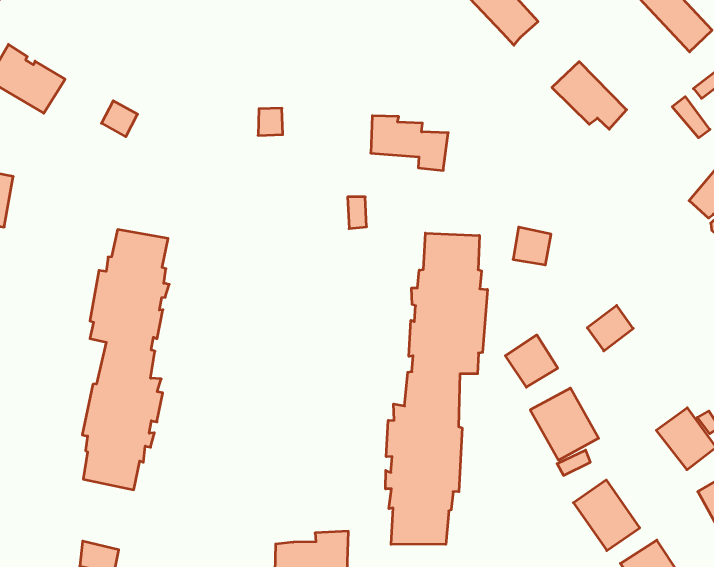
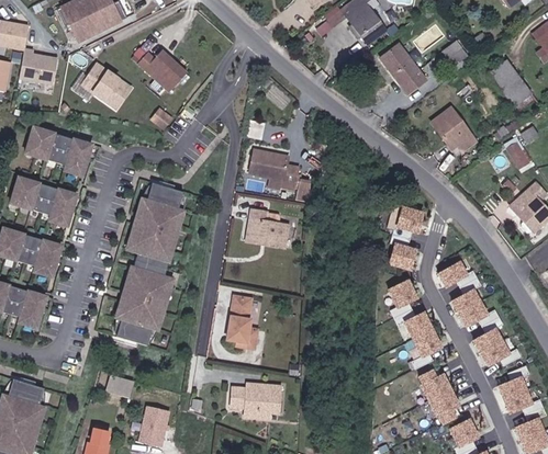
building: none -> [141,52,192,95]
building: [371,116,448,170] -> [249,146,299,184]
building: [386,233,487,544] -> none
building: none -> [245,206,286,242]
building: none -> [389,245,416,269]
building: none -> [454,292,488,329]
building: none -> [224,294,255,348]

